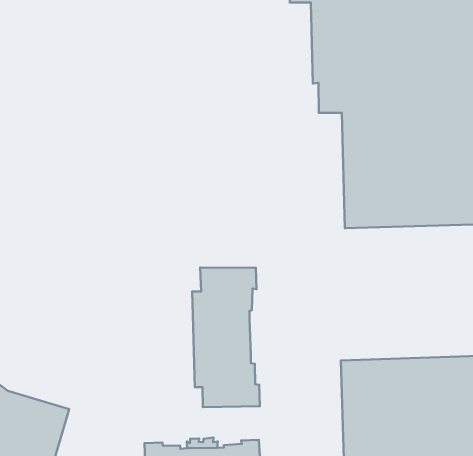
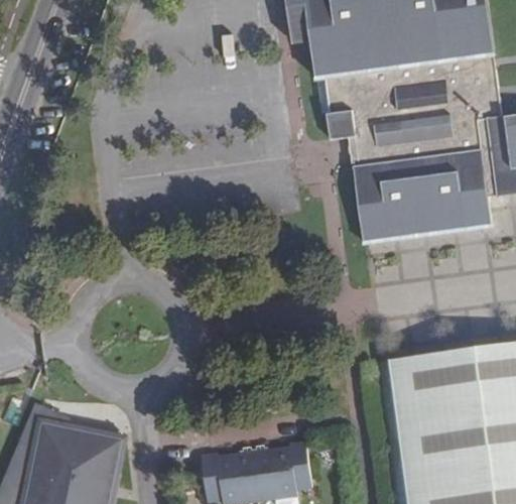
building: [192,267,260,407] -> none

